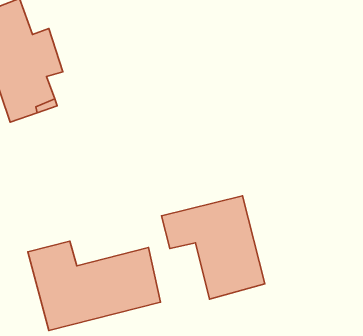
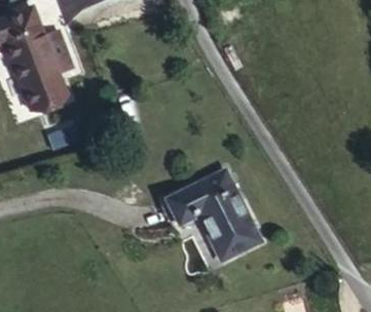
building: [28,241,161,330] -> none

